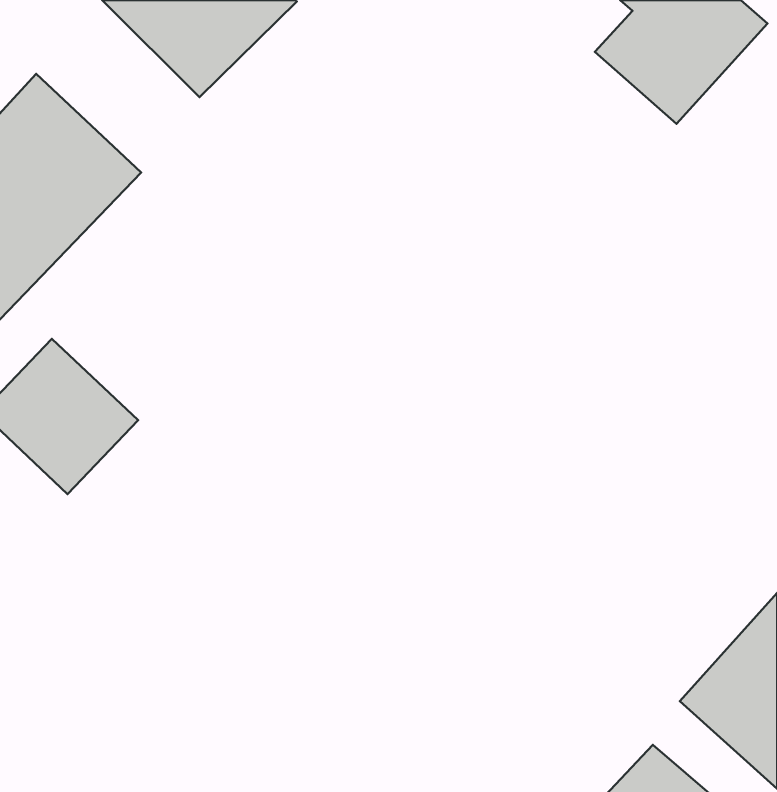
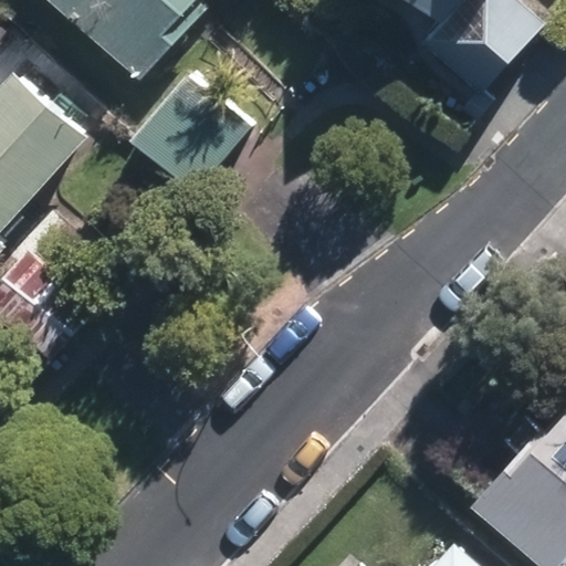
building: none -> [133,69,254,190]

